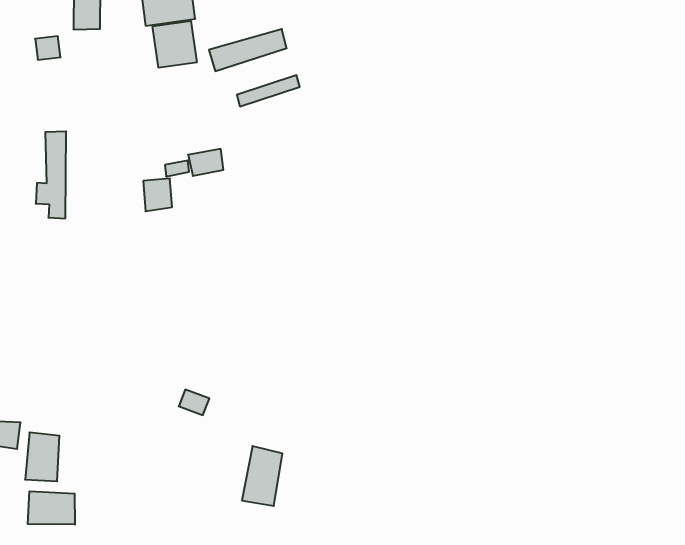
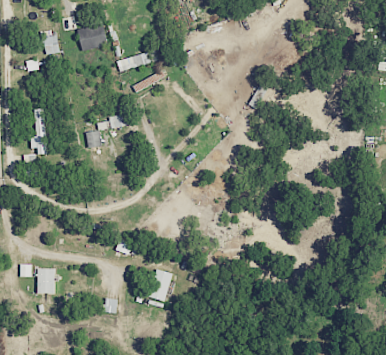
building: [152,21,197,68] -> none
building: [28,491,75,525] -> none

